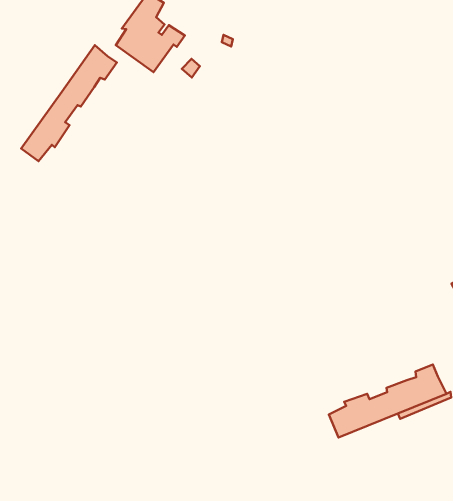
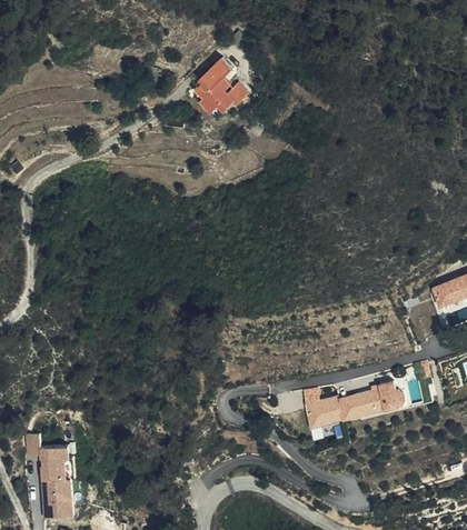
building: [21,45,117,161] -> none

